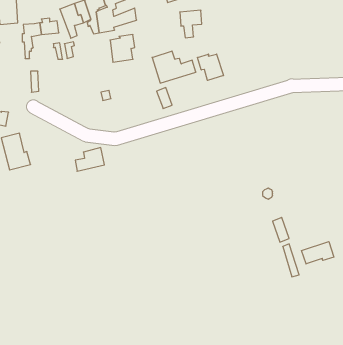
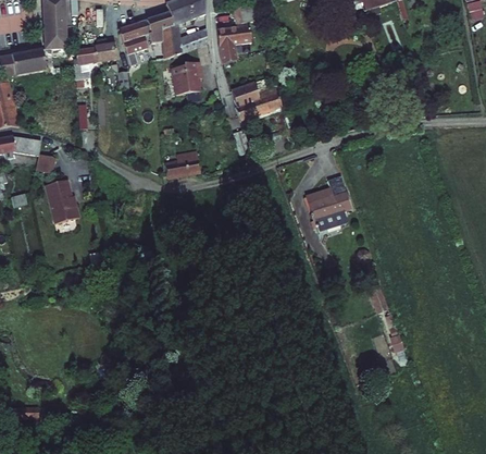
building: [180,10,202,38] -> [219,26,245,59]
building: [197,54,223,80] -> none
building: none -> [311,186,352,228]
building: [75,148,104,171] -> [167,149,202,177]
building: [302,242,334,264] -> none

